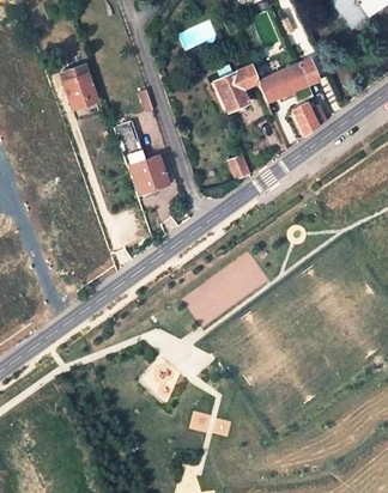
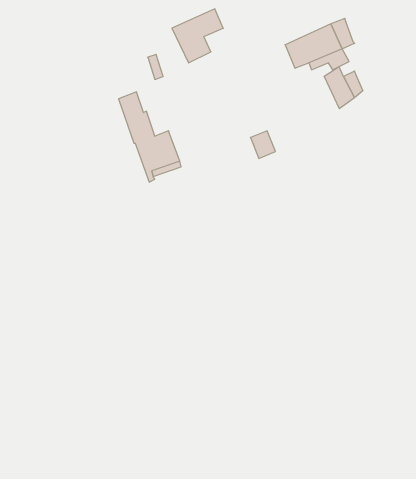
building: [214,65,259,111] -> [172,9,223,63]
building: [61,67,96,108] -> none

